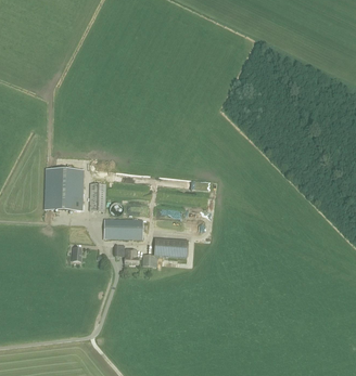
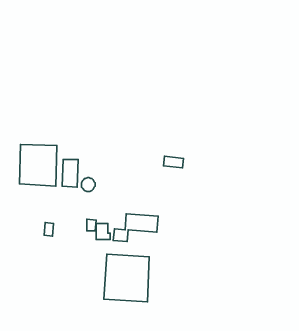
building: [103,220,141,237] -> none
building: none -> [104,254,149,302]

